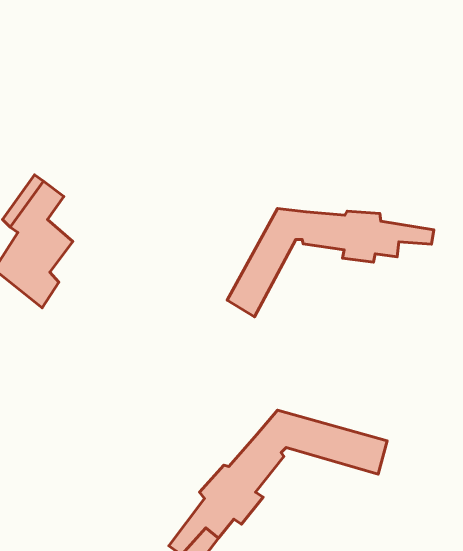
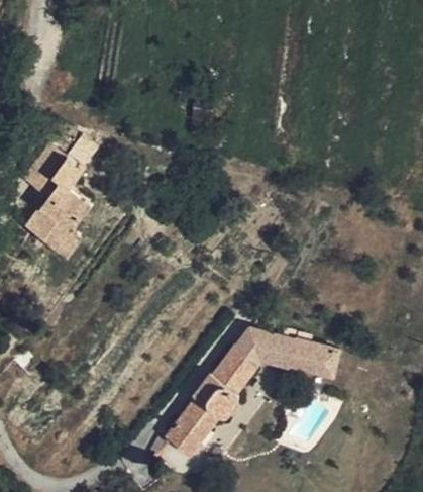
building: [227,209,434,317] -> none

